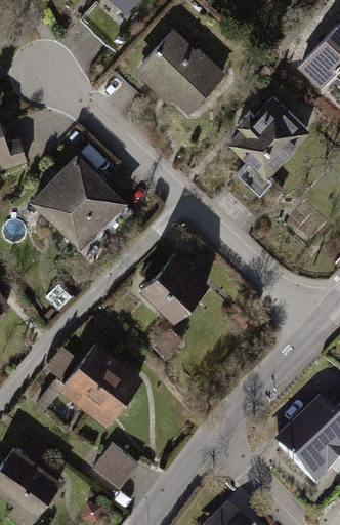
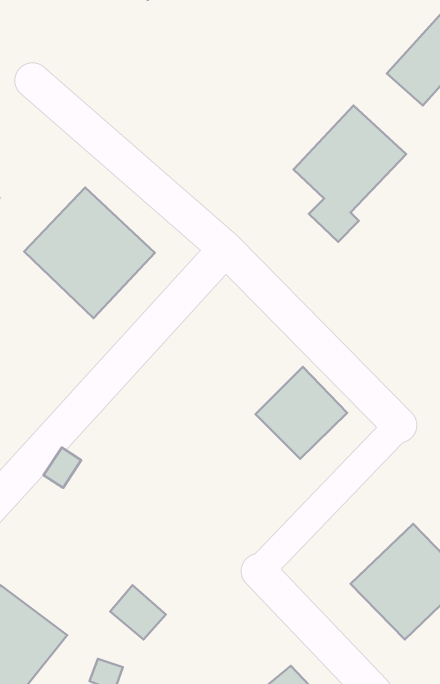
building: [135,24,230,118] -> none
building: [134,251,202,319] -> [256,367,347,459]
building: [62,344,145,426] -> none

